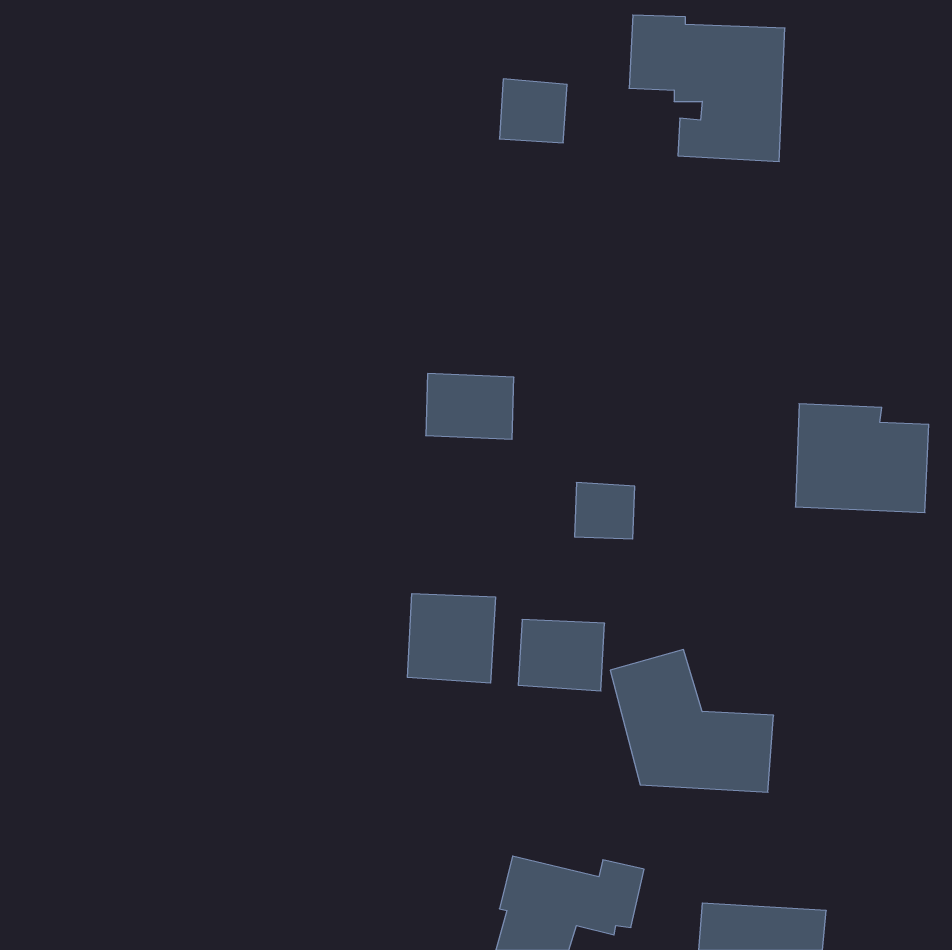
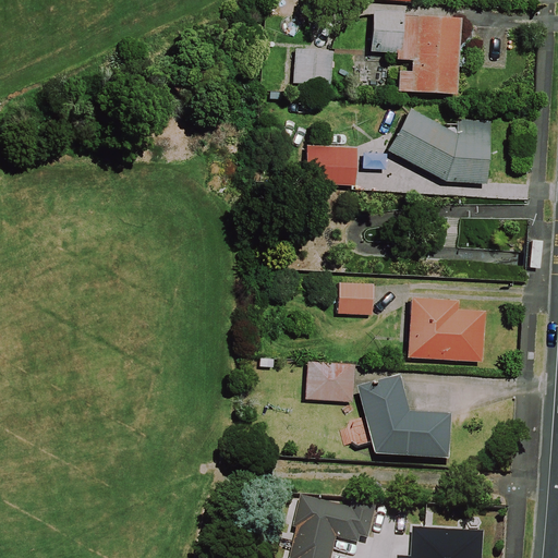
building: none -> [387,108,489,183]
building: [426,374,514,439] -> [305,144,356,182]
building: [795,404,929,513] -> [408,298,485,361]
building: [407,594,495,683] -> none

